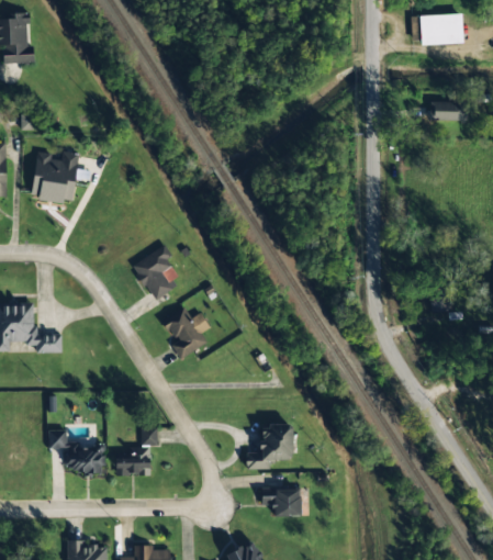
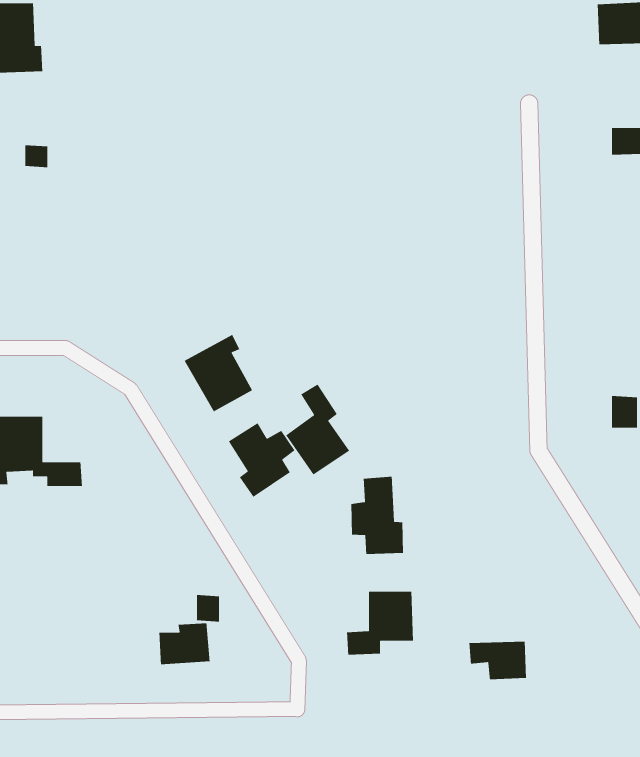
building: [31,150,79,203] -> none
building: none -> [285,383,350,475]
building: none -> [351,476,404,555]
building: [48,430,102,472] -> none
building: [260,490,301,517] -> [469,641,527,680]

